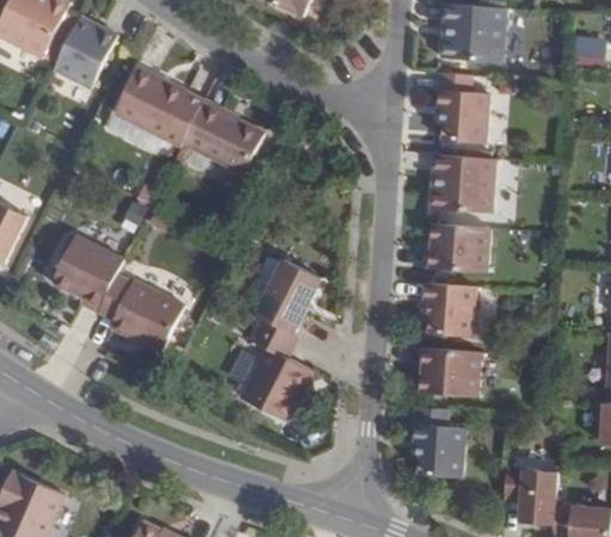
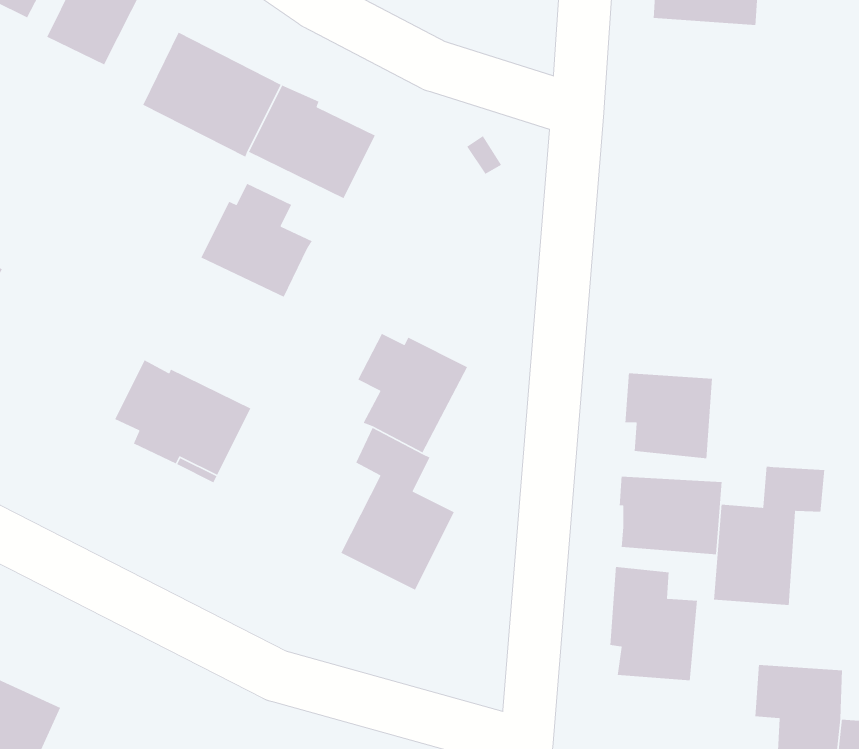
building: [434,70,490,143] -> none
building: [427,153,496,212] -> none
building: none -> [200,183,313,298]
building: [424,222,492,273] -> none
building: [51,234,123,311] -> none
building: none -> [713,466,825,606]

